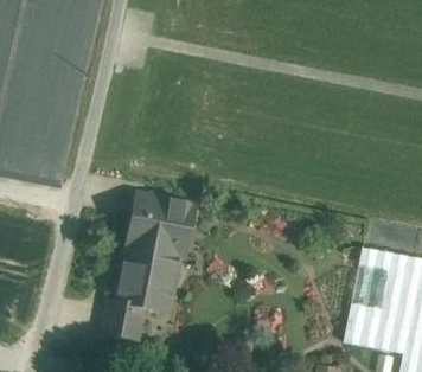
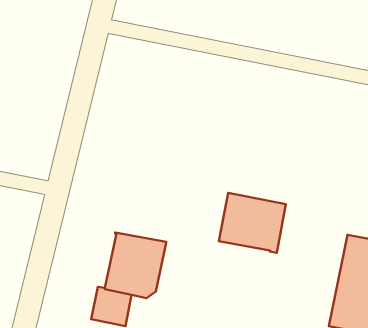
building: [126,197,194,258] -> [219,193,286,253]

